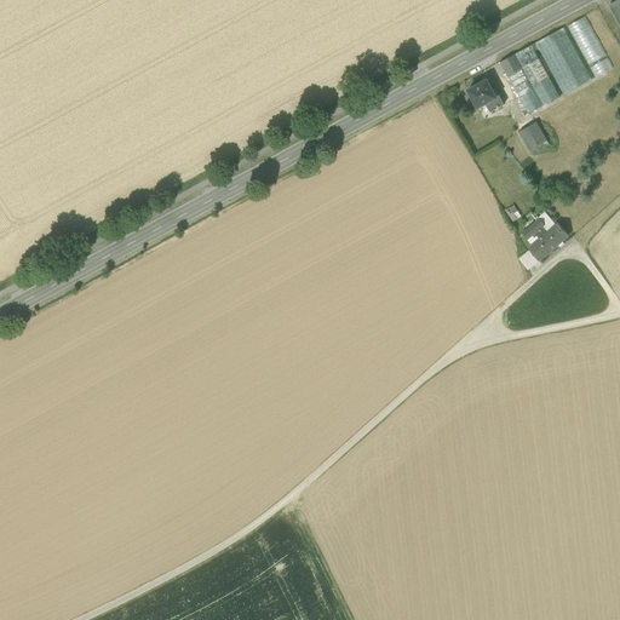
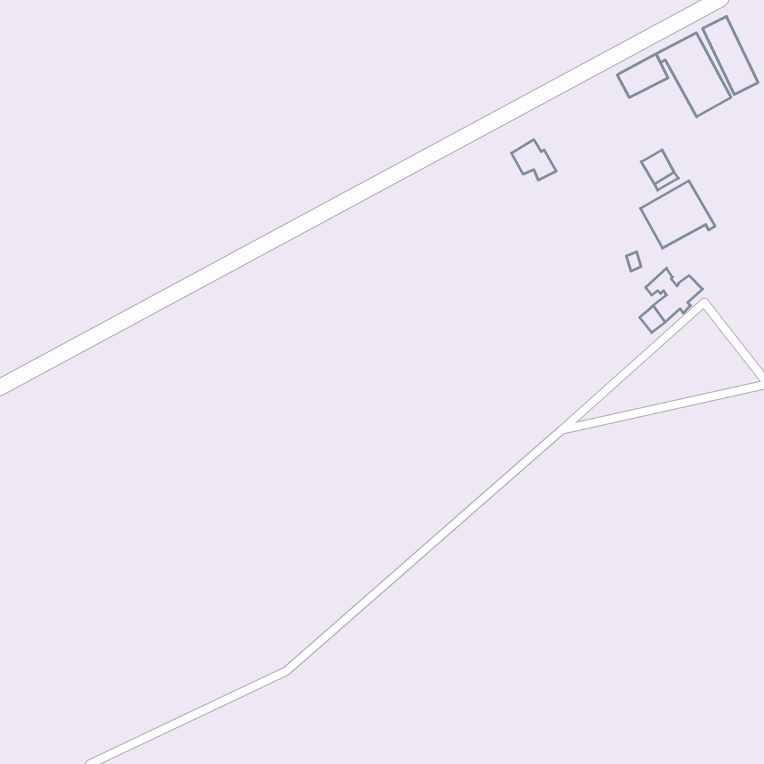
building: [509,63,559,114] -> none
building: [467,79,504,111] -> [511,140,556,180]
building: none -> [640,181,715,248]

